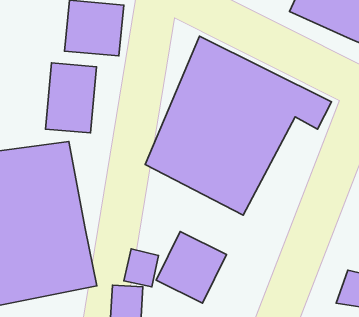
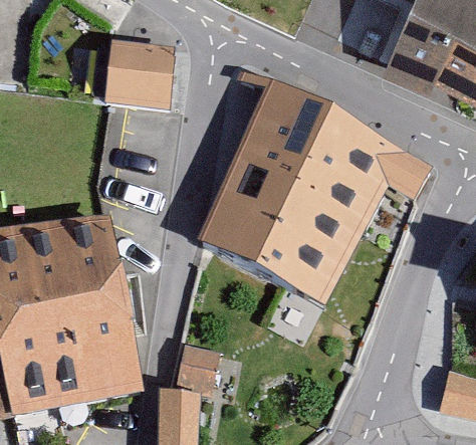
building: [45,63,97,133] -> none
building: [156,231,226,303] -> none

